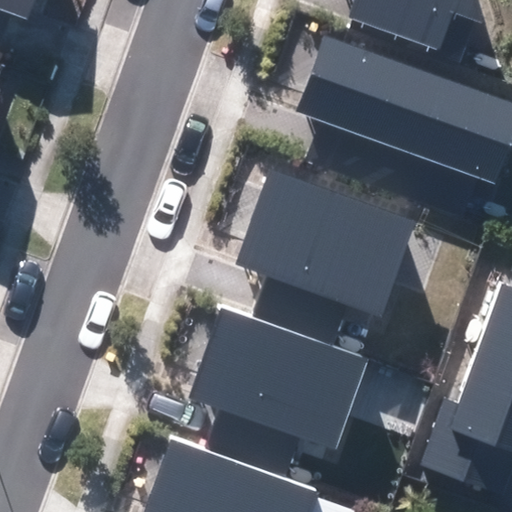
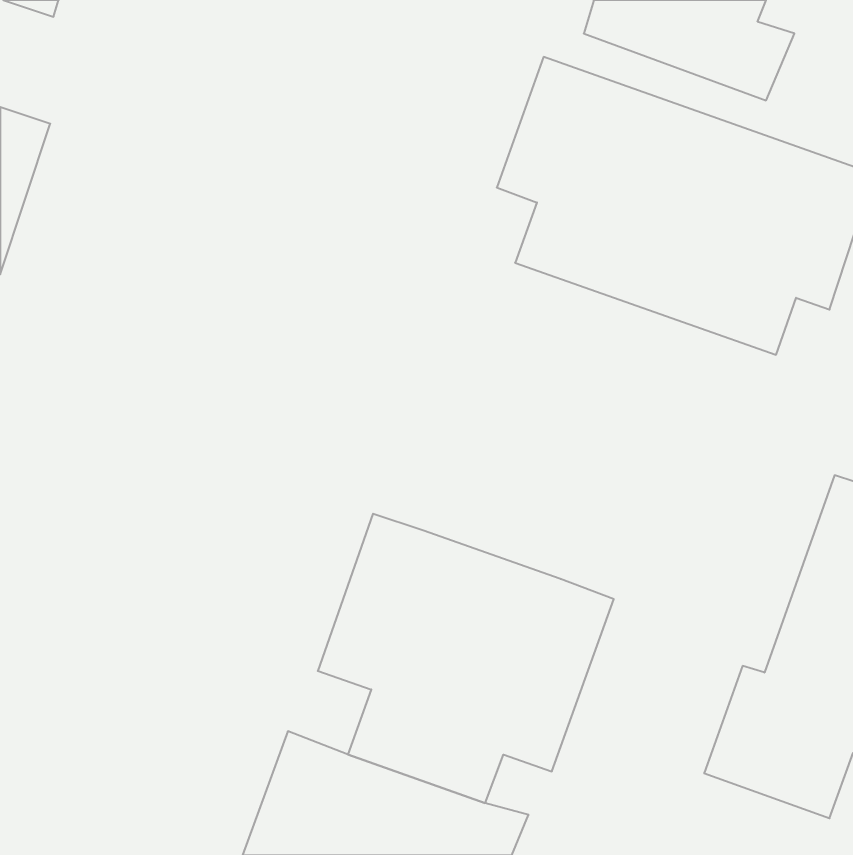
building: [235,168,414,346] -> none

